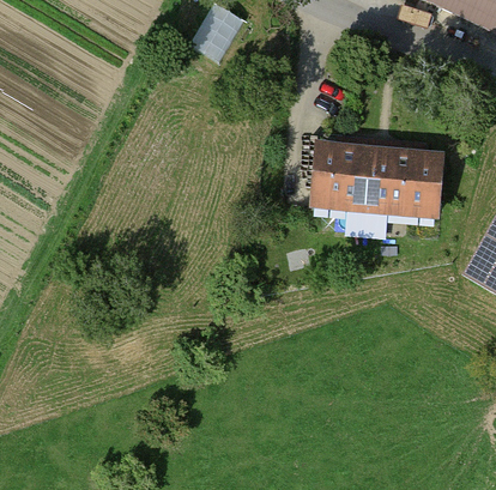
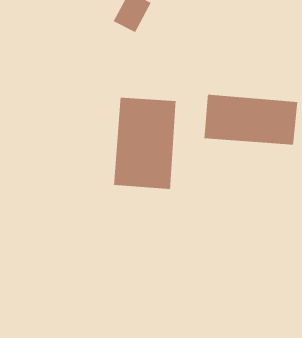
building: none -> [113,97,177,190]

